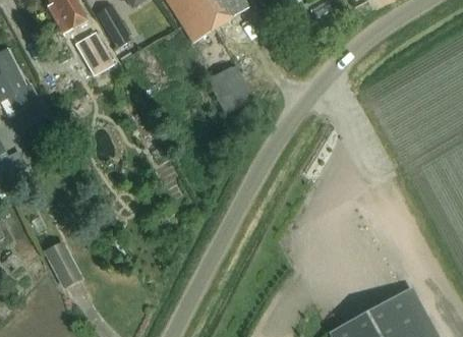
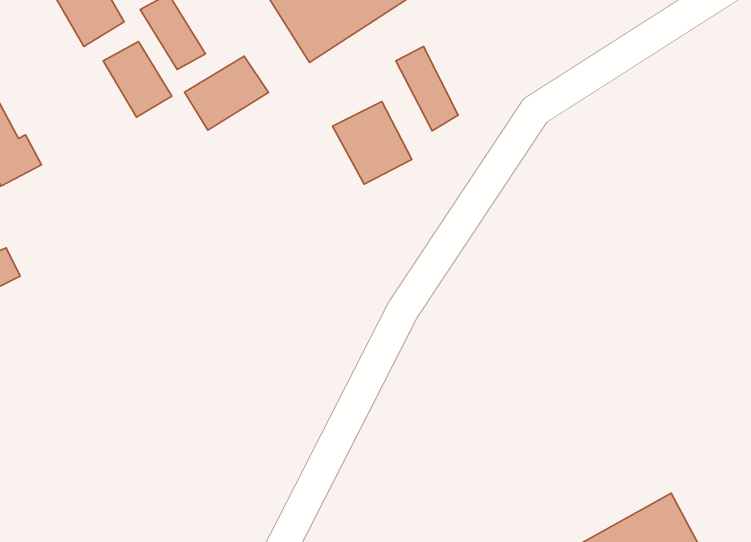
building: none -> [396,47,458,131]
building: none -> [185,56,268,130]
building: [44,240,83,288] -> none

